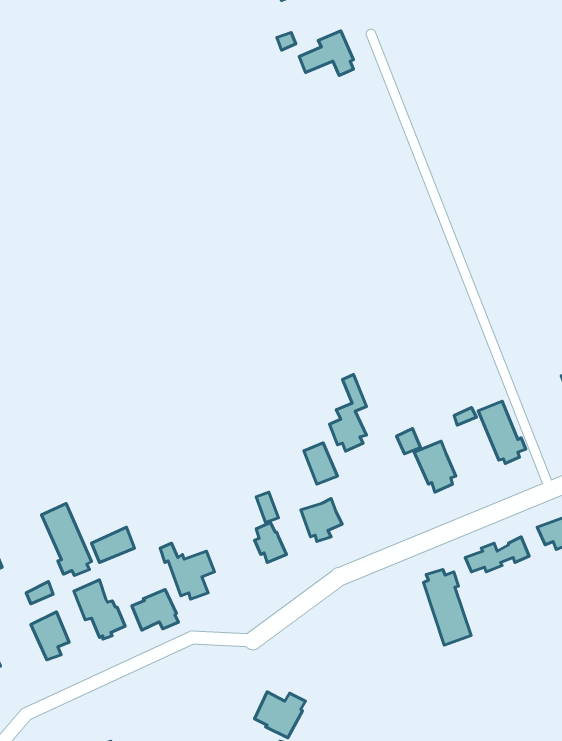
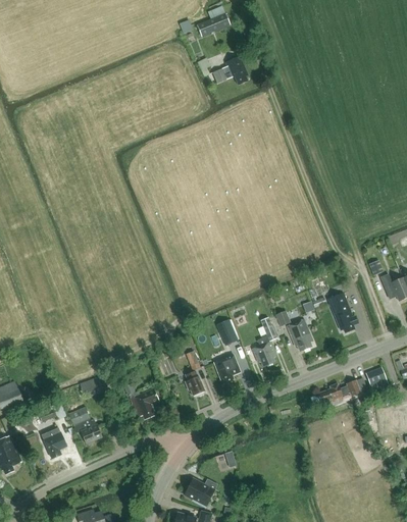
building: [330,375,366,451] -> [252,317,275,366]
building: [42,504,92,576] -> none
building: [423,569,471,645] -> none
building: [132,589,179,630] -> none

